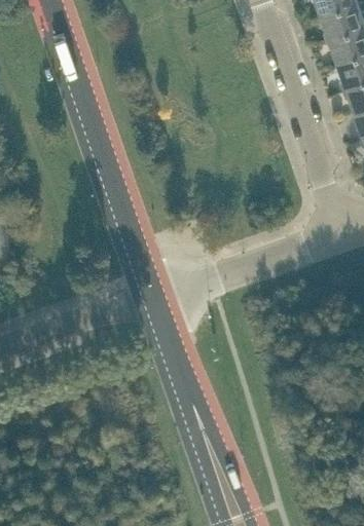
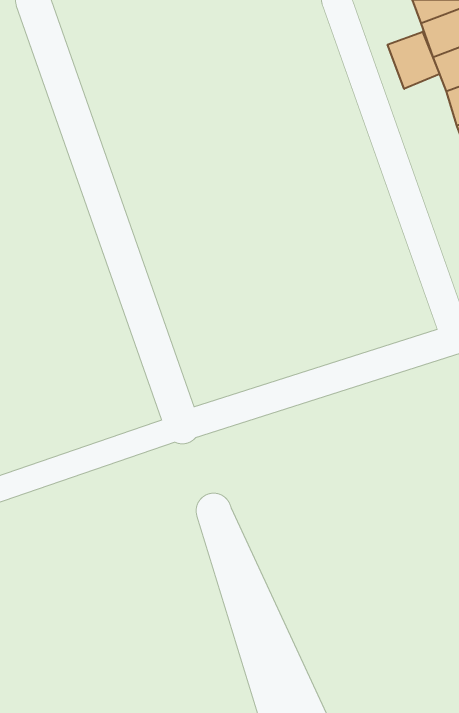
building: none -> [388,32,439,89]

